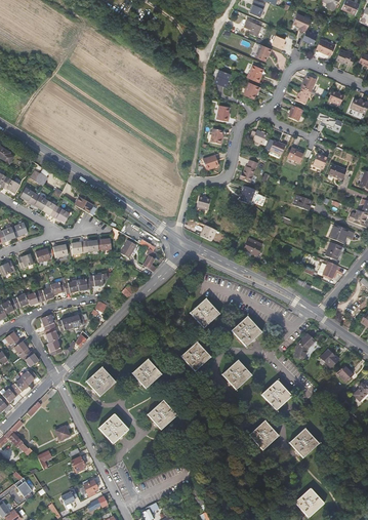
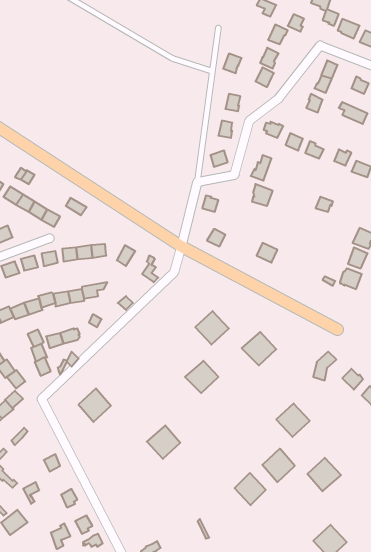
building: [131,358,161,388] -> none
building: [221,359,251,389] -> none
building: [98,413,128,443] -> none
building: none -> [235,473,266,505]

